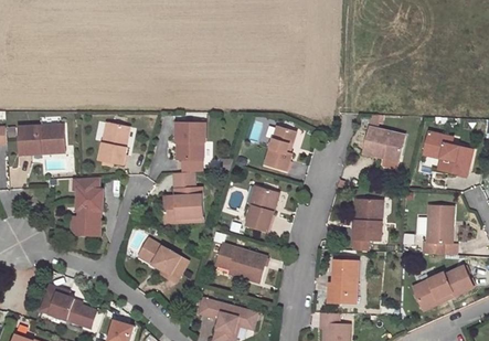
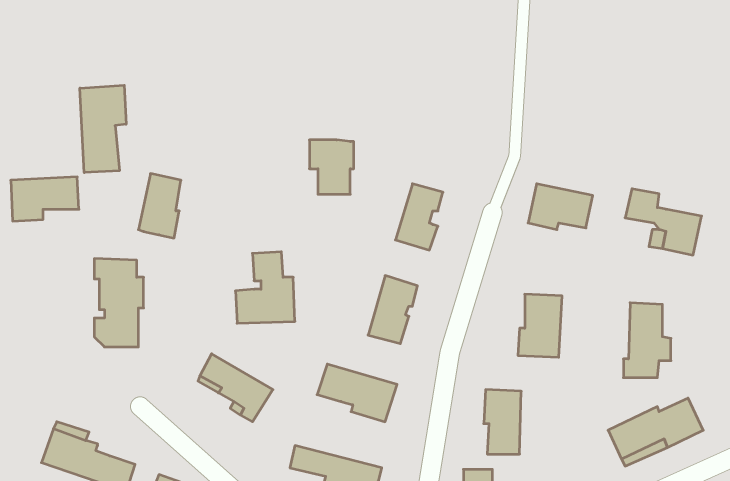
building: none -> [80,85,126,173]
building: [179,124,208,159] -> [309,140,354,194]

